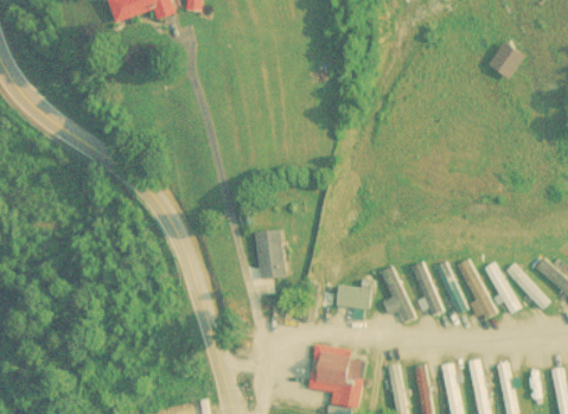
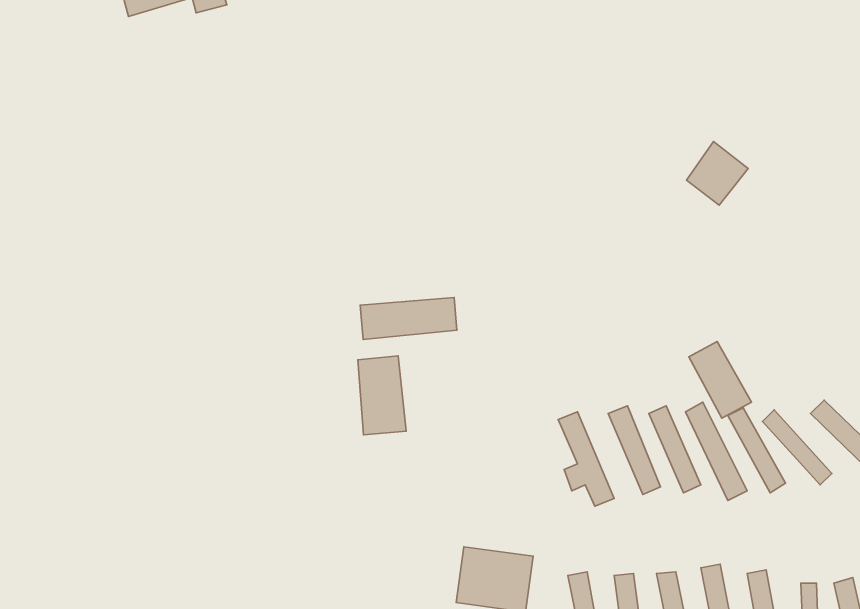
building: [487,39,525,78] -> [687,142,748,205]
building: none -> [360,297,457,340]
building: none -> [689,341,751,418]
building: [336,279,370,307] -> none

